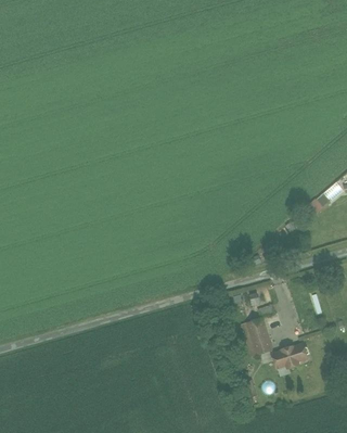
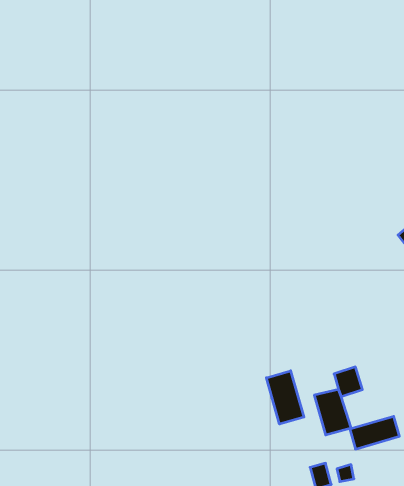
building: none -> [266,371,304,424]

